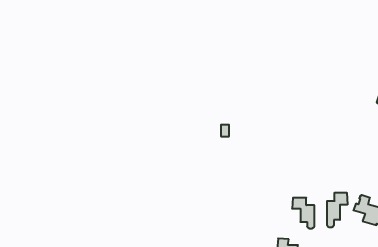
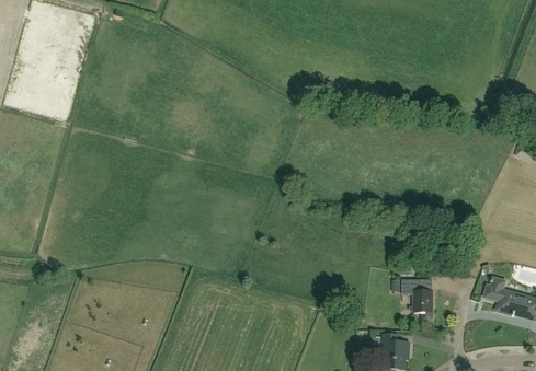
building: [327,193,347,227] -> none

